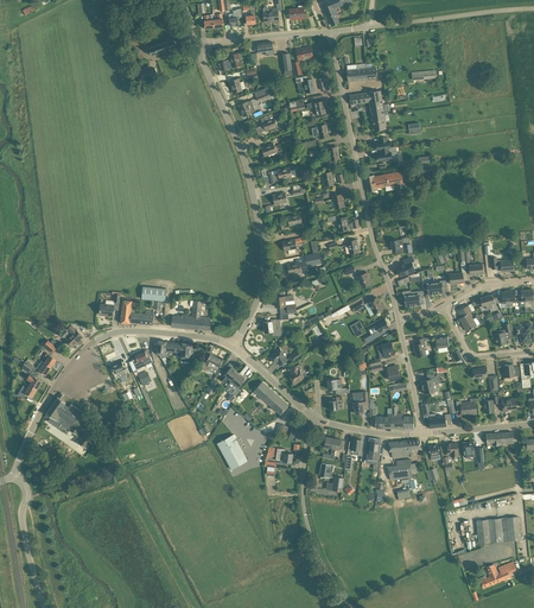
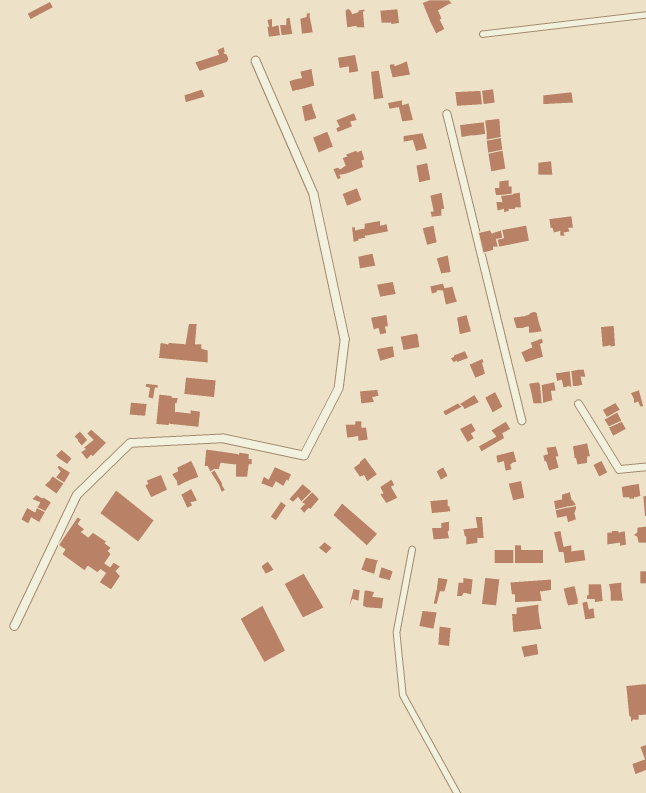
building: [171,300,209,330] -> [158,324,208,363]
building: none -> [100,489,155,542]
building: none -> [240,605,286,663]

